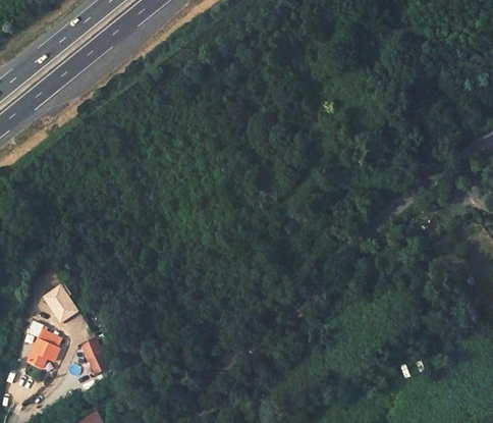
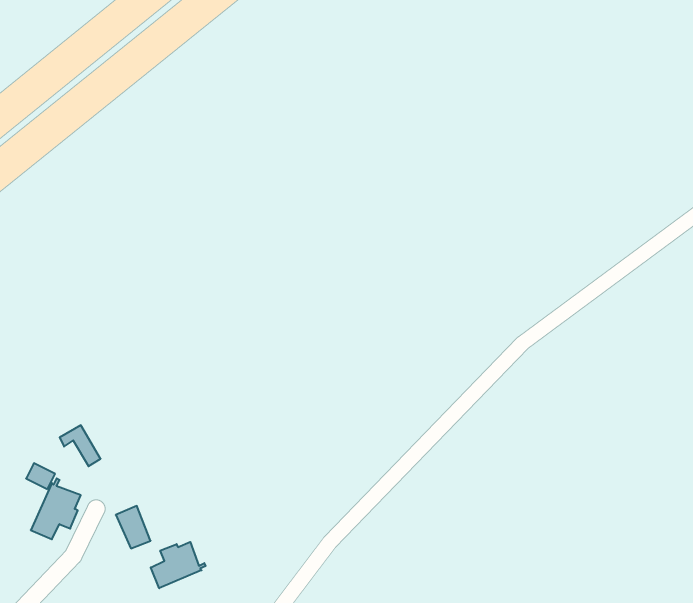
building: none -> [151,542,206,588]

